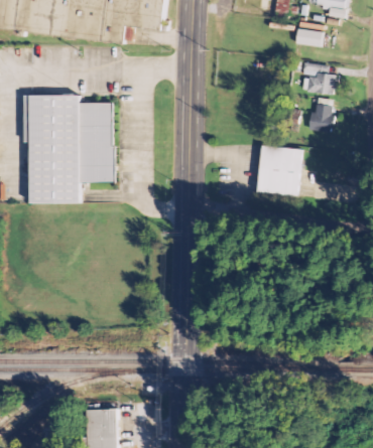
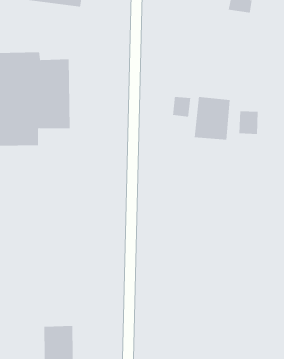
building: [301,64,336,95] -> none
building: [310,106,334,133] -> [238,111,259,134]
building: none -> [172,96,191,118]

